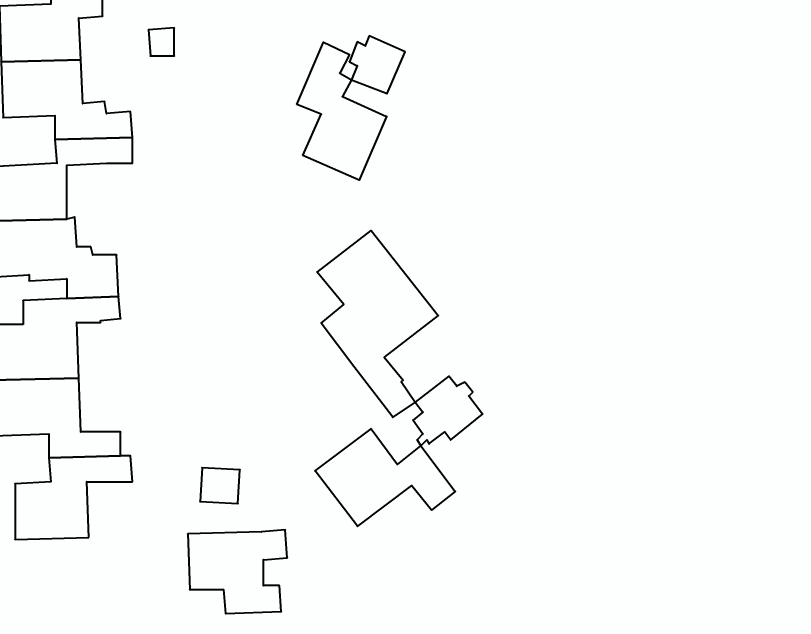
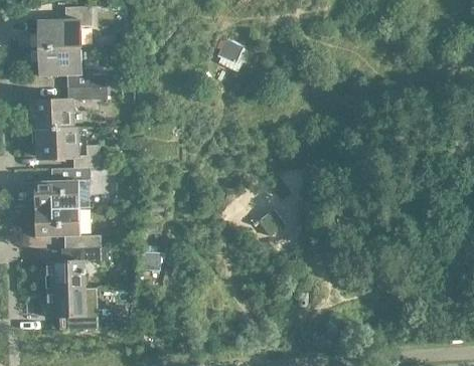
building: [297,42,387,180] -> none
building: [317,231,438,417] -> none
building: [315,429,455,526] -> none
building: [188,530,287,614] -> [46,288,97,330]

